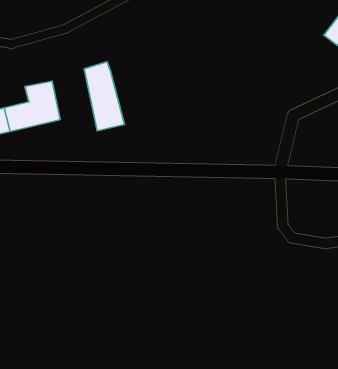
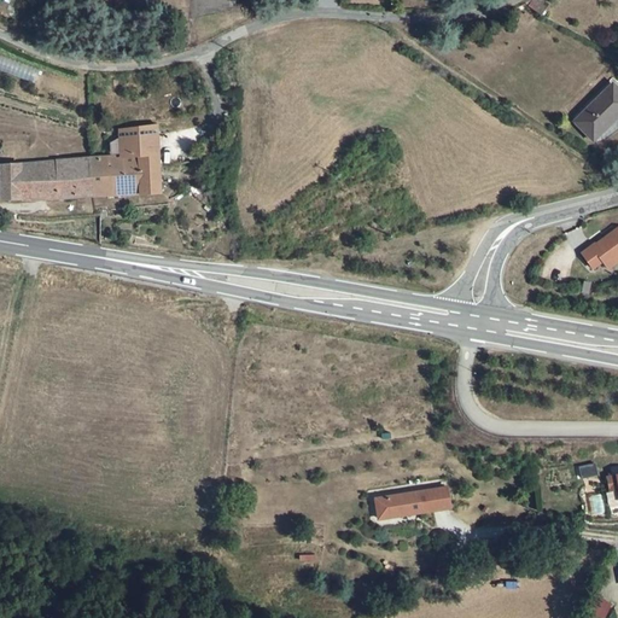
building: [84,62,124,131] -> none
building: none -> [373,486,448,519]

